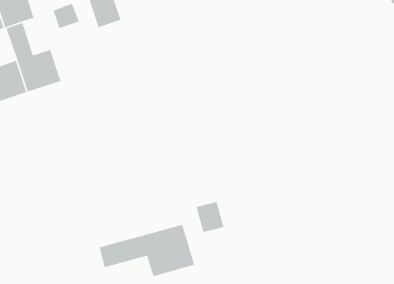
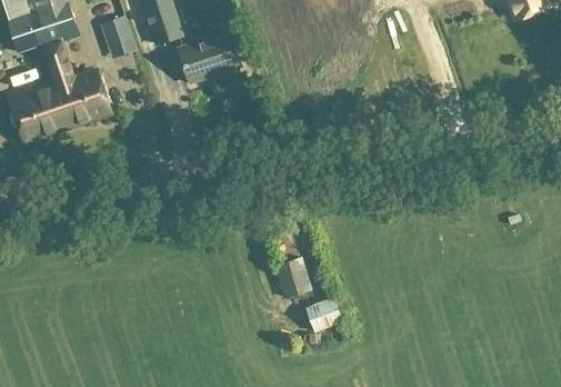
building: none -> [177,31,241,82]
building: [99,224,195,277] -> none
building: none -> [304,297,341,330]

